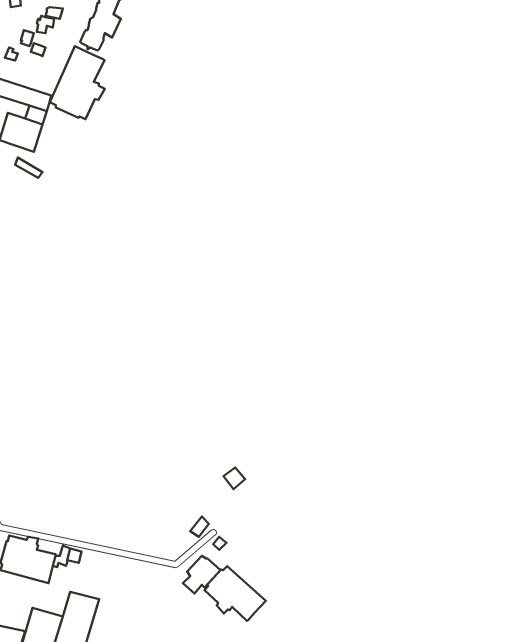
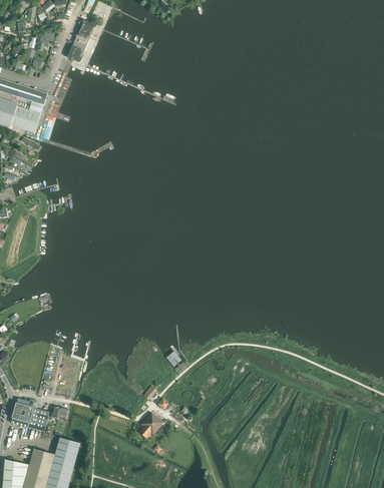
building: [50,46,105,119] -> none
building: [204,566,266,621] -> none

